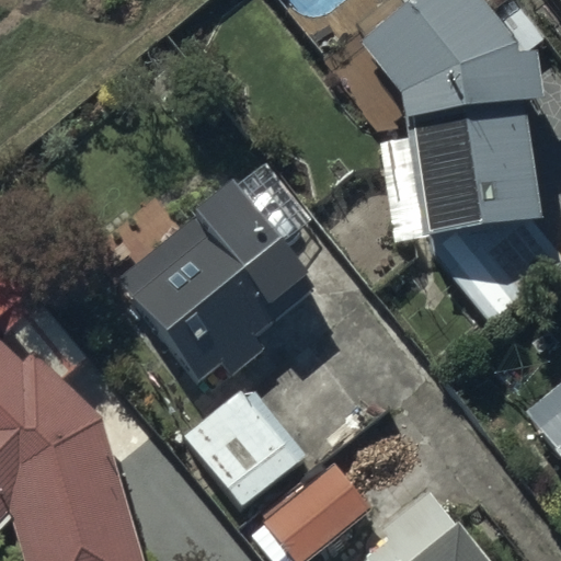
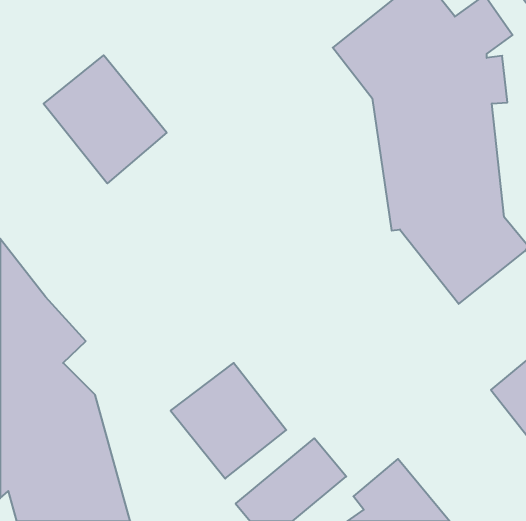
building: none -> [44,55,167,183]
building: [116,159,316,388] -> none

